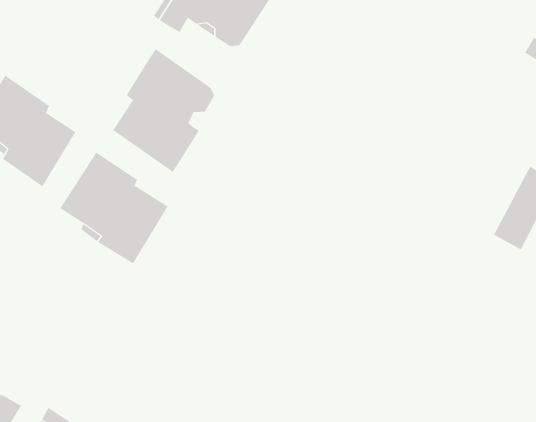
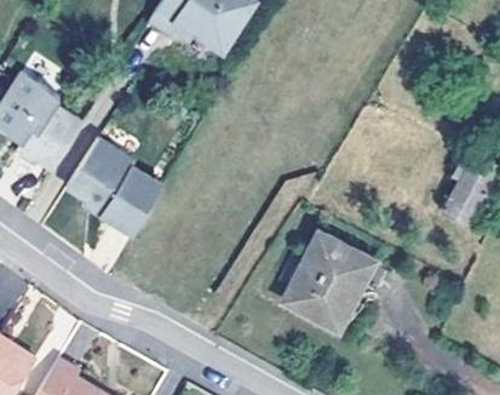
building: [113,48,215,173] -> none
building: none -> [283,230,374,328]

